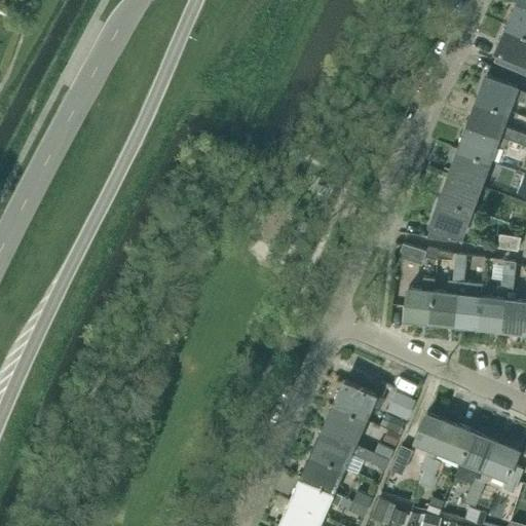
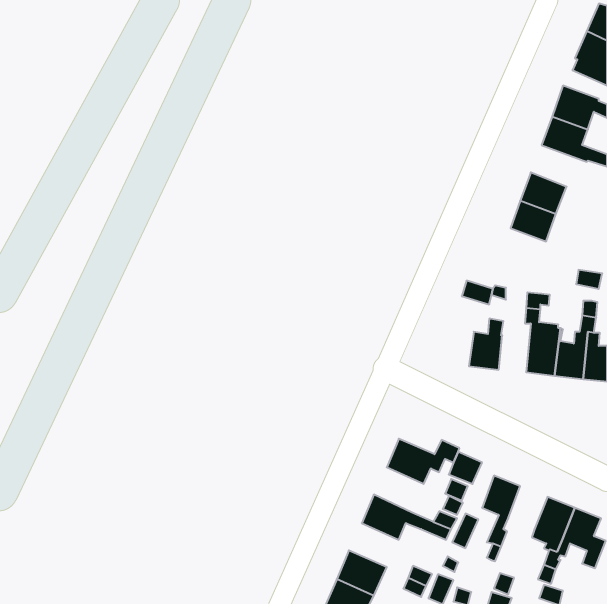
building: [458,128,506,164] -> none
building: [427,200,476,241] -> none
building: [430,281,458,325] -> none
building: [323,407,366,446] -> none
building: [439,423,473,460] -> none
building: [301,455,344,493] -> none

